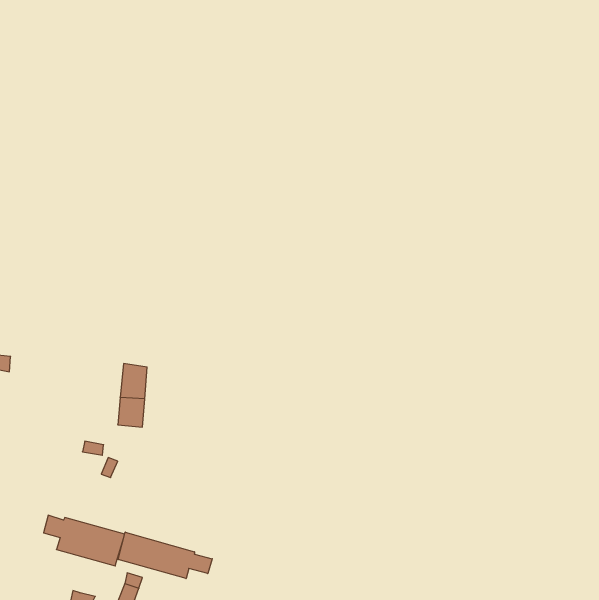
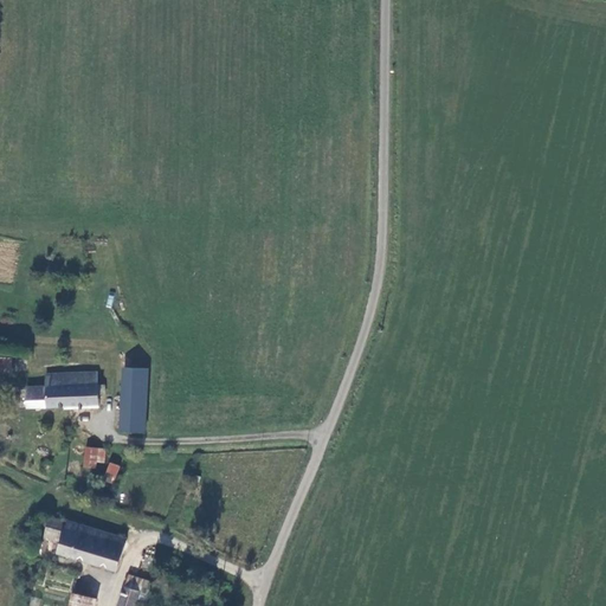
building: none -> [26,374,104,407]
building: [118,532,212,579] -> none

